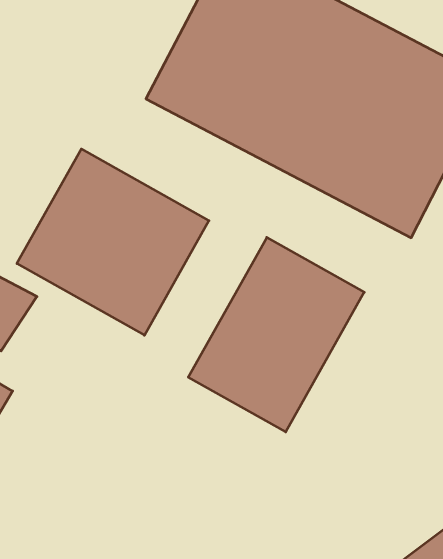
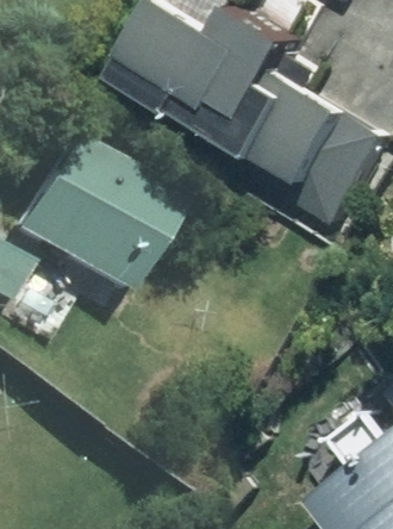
building: [188,237,364,432] -> none

